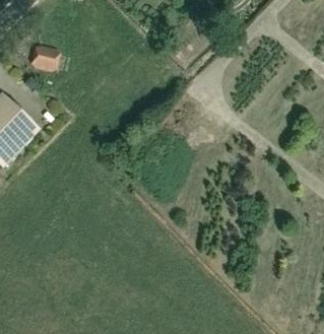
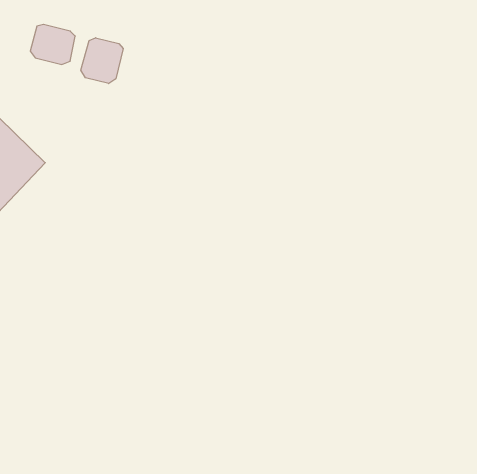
building: none -> [81,38,123,84]

